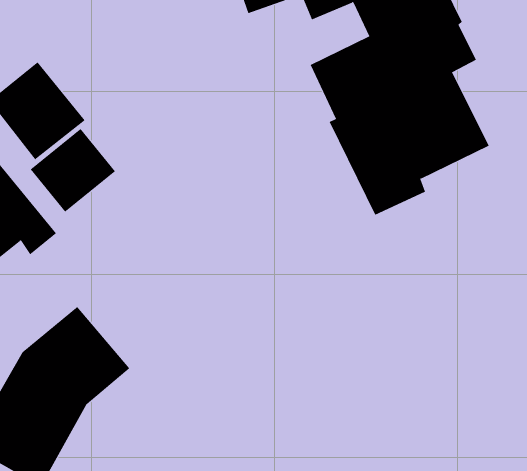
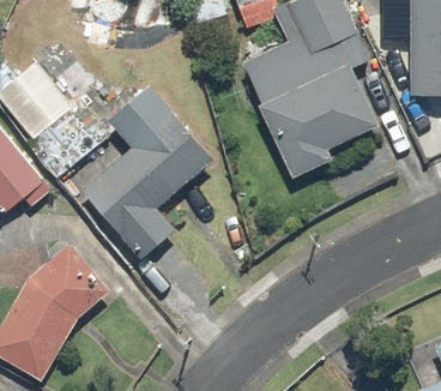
building: none -> [83,88,211,258]

